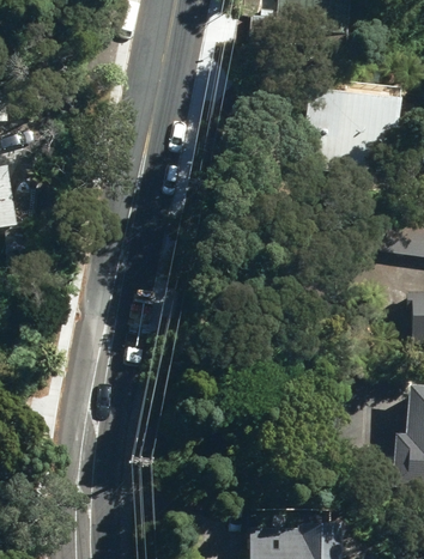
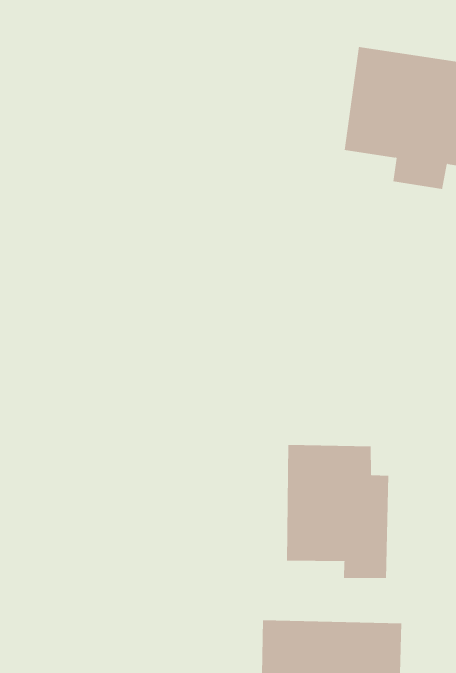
building: none -> [286,444,389,579]

